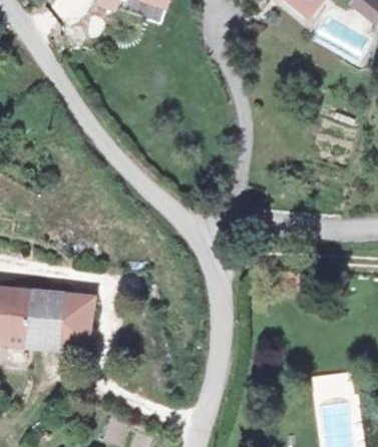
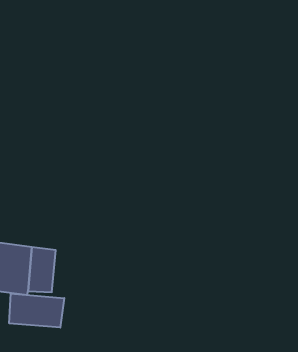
building: none -> [9,294,64,328]

